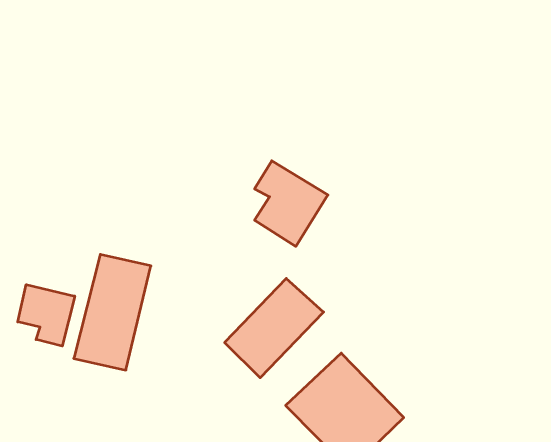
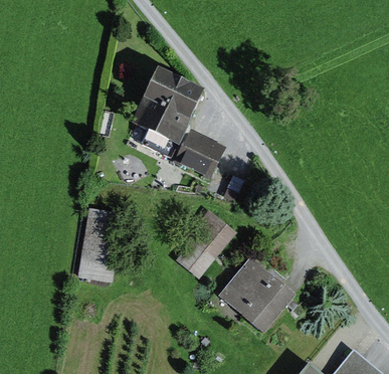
building: none -> [136,82,206,157]
building: [18,285,75,346] -> none

